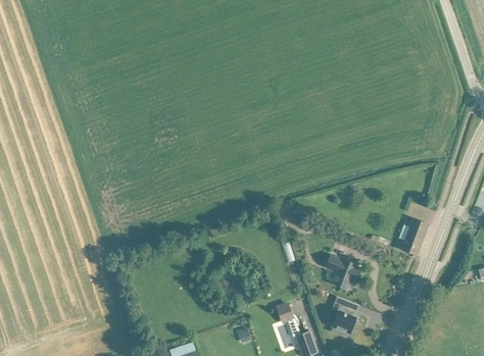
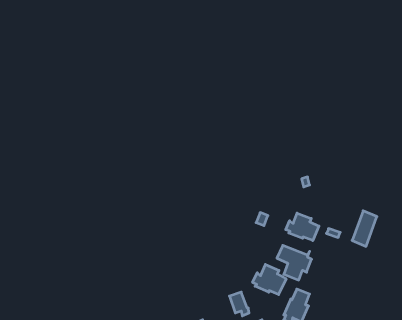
building: none -> [286,213,319,241]
building: none -> [253,264,286,295]

